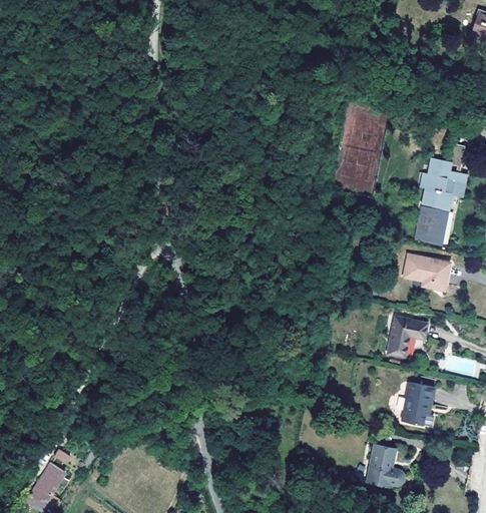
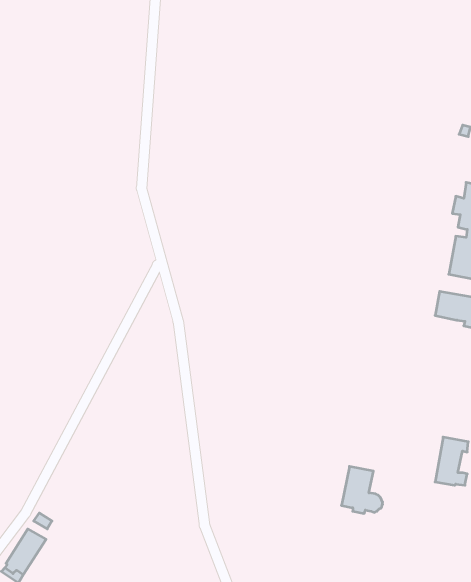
building: [389,317,427,351] -> none
building: [368,445,404,486] -> [341,466,383,513]

